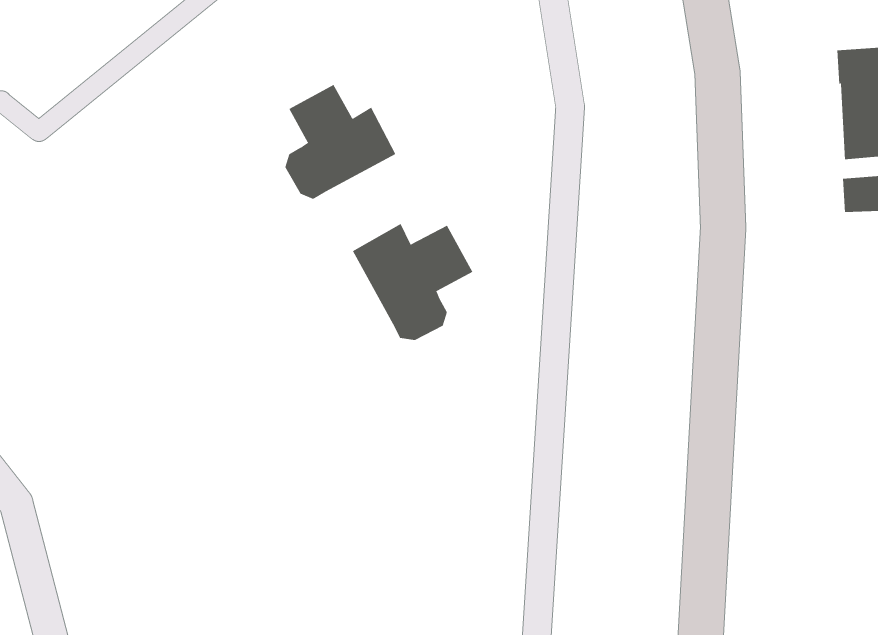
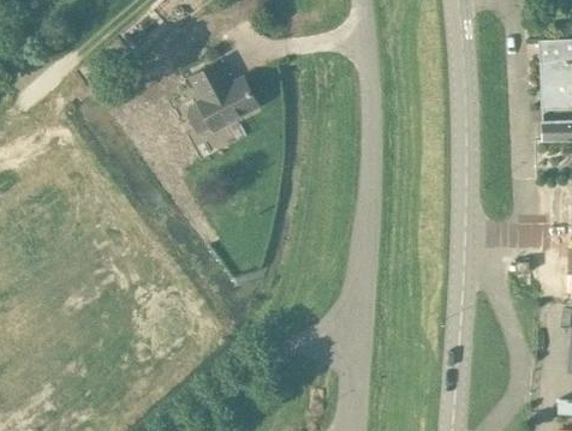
building: [352,223,473,341] -> none

